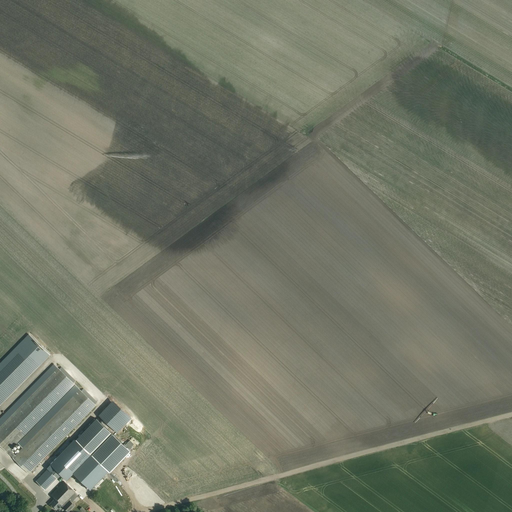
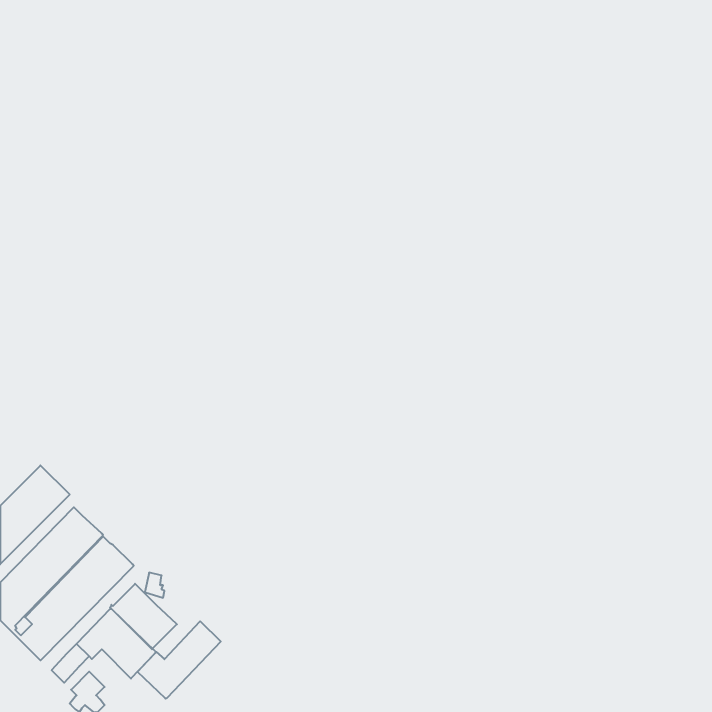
building: none -> [138,621,221,699]

